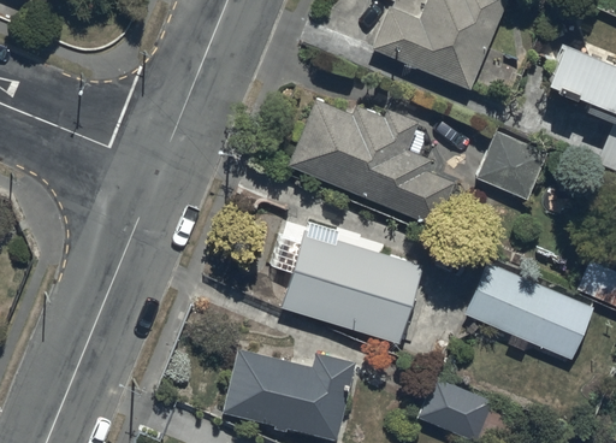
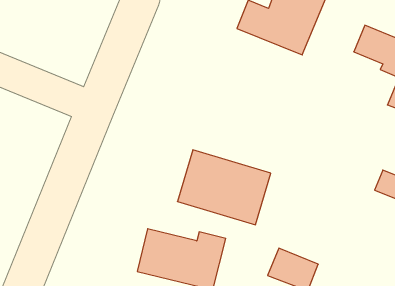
building: [288,100,454,226] -> none
building: [476,134,545,199] -> none
building: [466,264,593,359] -> none

